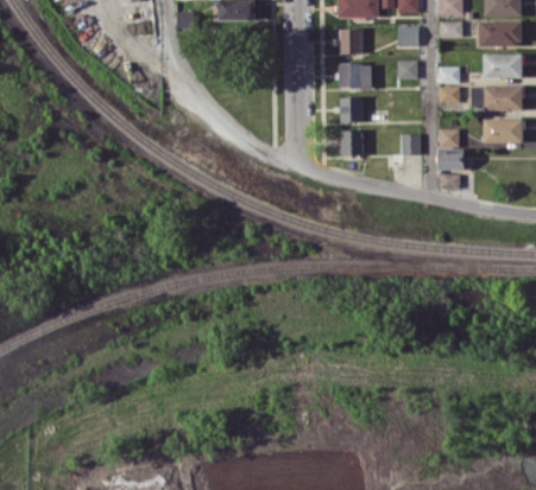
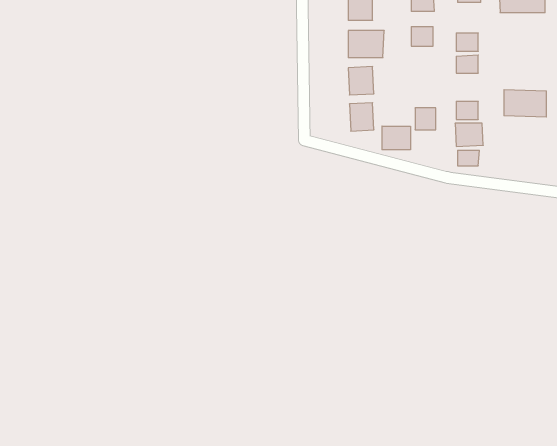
building: [483,52,522,77] -> none
building: [471,85,523,109] -> none
building: none -> [382,126,410,150]

